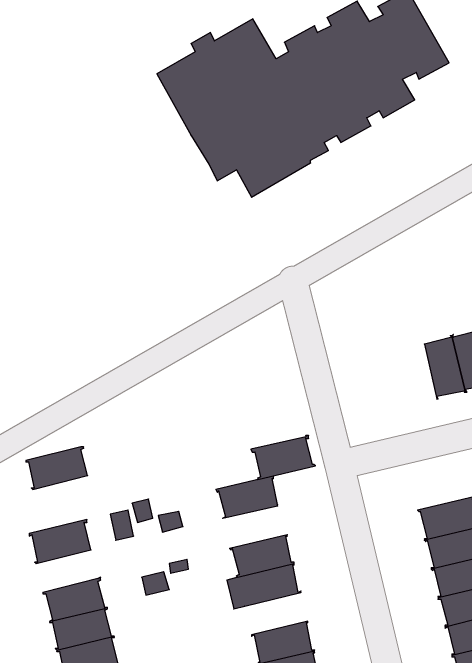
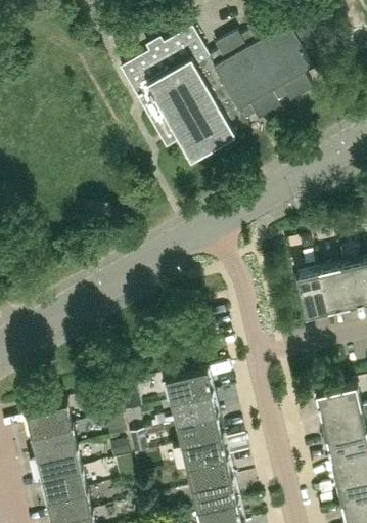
building: none -> [296,272,329,320]
building: [251,436,315,480] -> [170,394,218,427]
building: [26,447,88,489] -> [31,428,77,460]
building: none -> [186,460,233,491]

